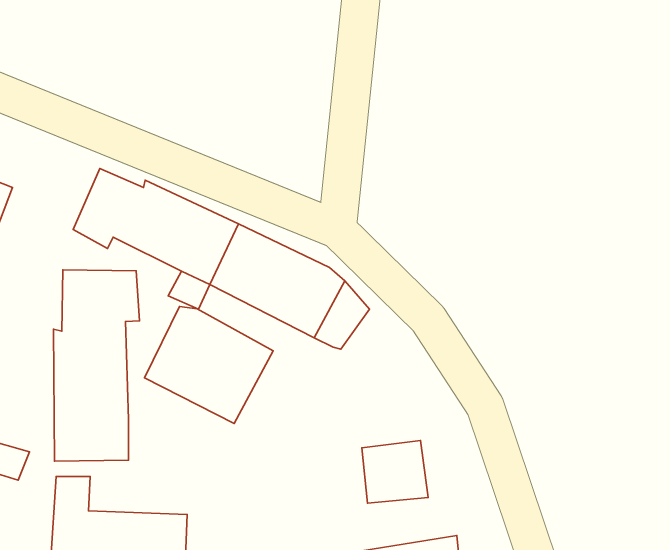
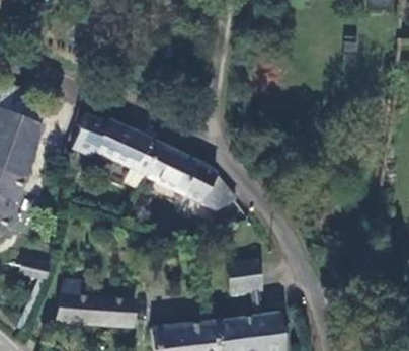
building: [54,270,139,461] -> none
building: [145,307,273,423] -> none

